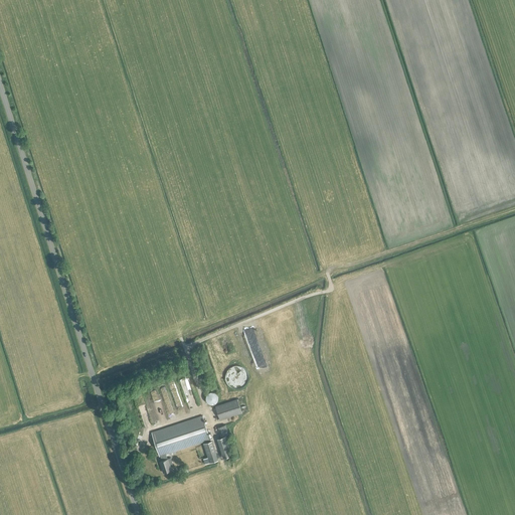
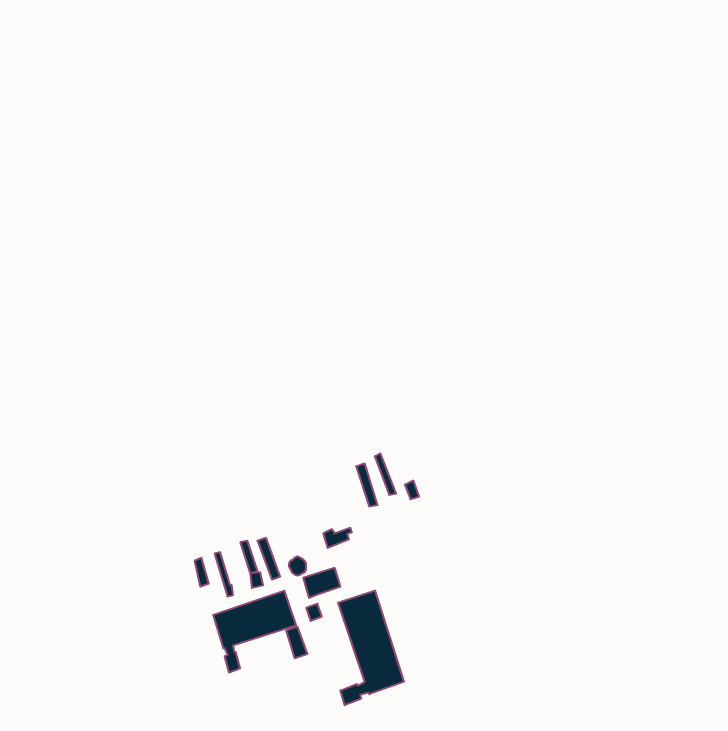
building: none -> [338,591,404,705]

